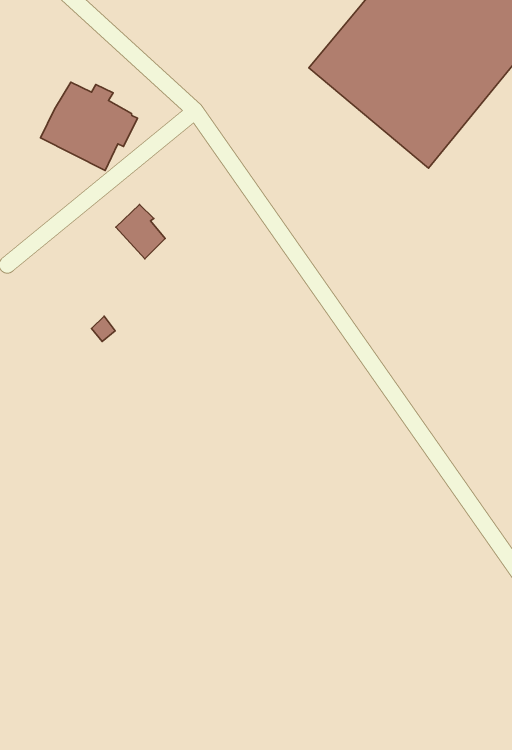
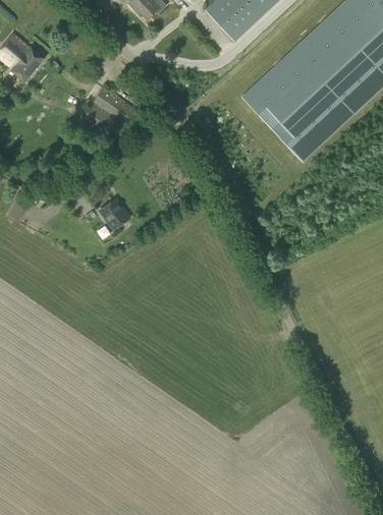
building: [116,204,165,259] -> [101,199,128,231]

